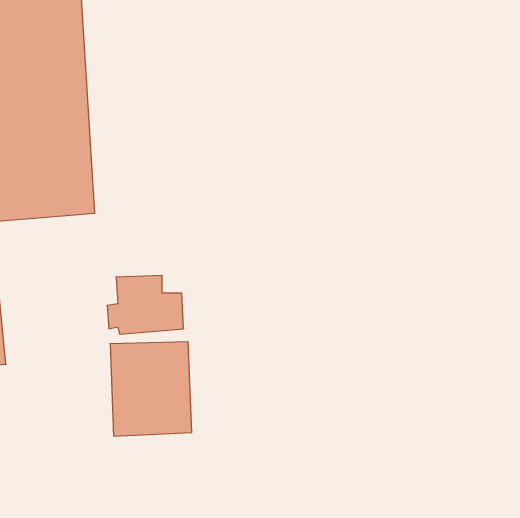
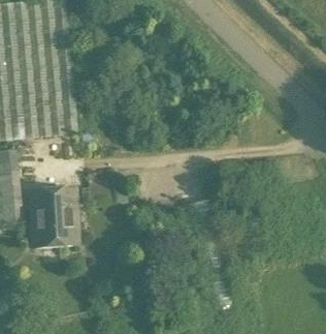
building: [110,342,192,436] -> [30,191,77,246]

